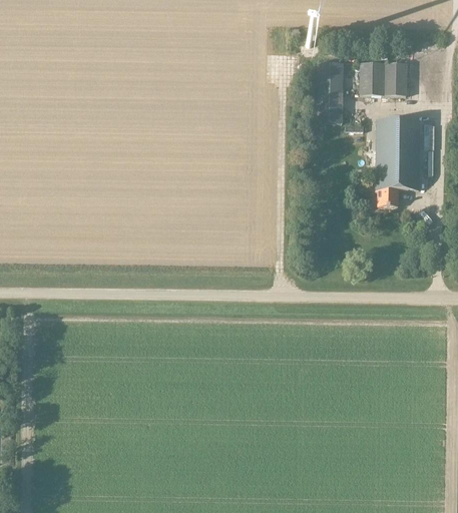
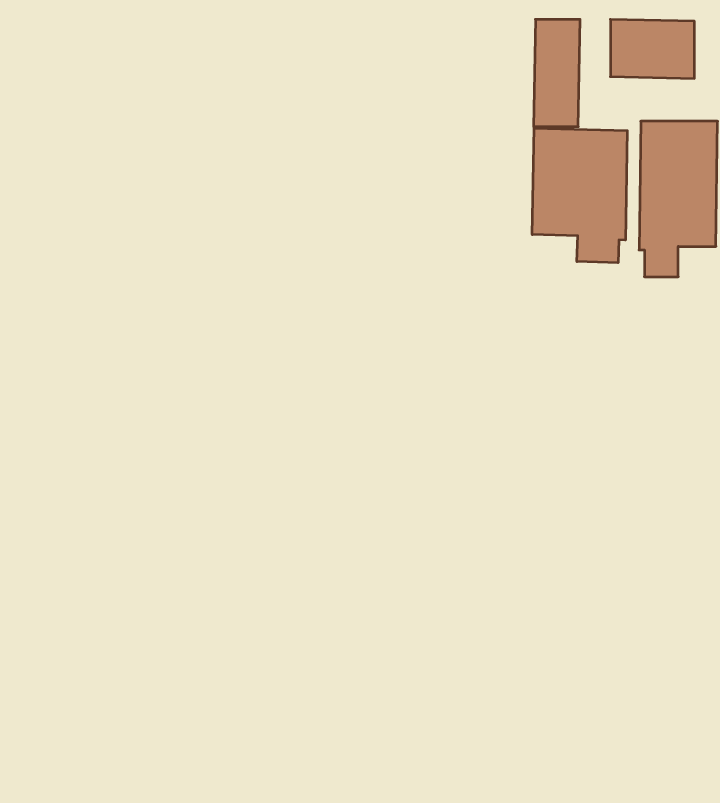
building: none -> [532,128,627,263]

